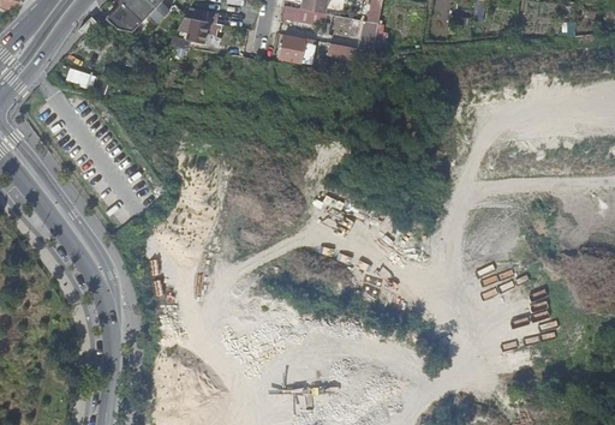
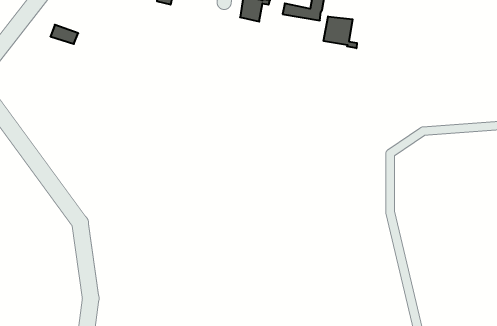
building: none -> [324,16,357,48]

